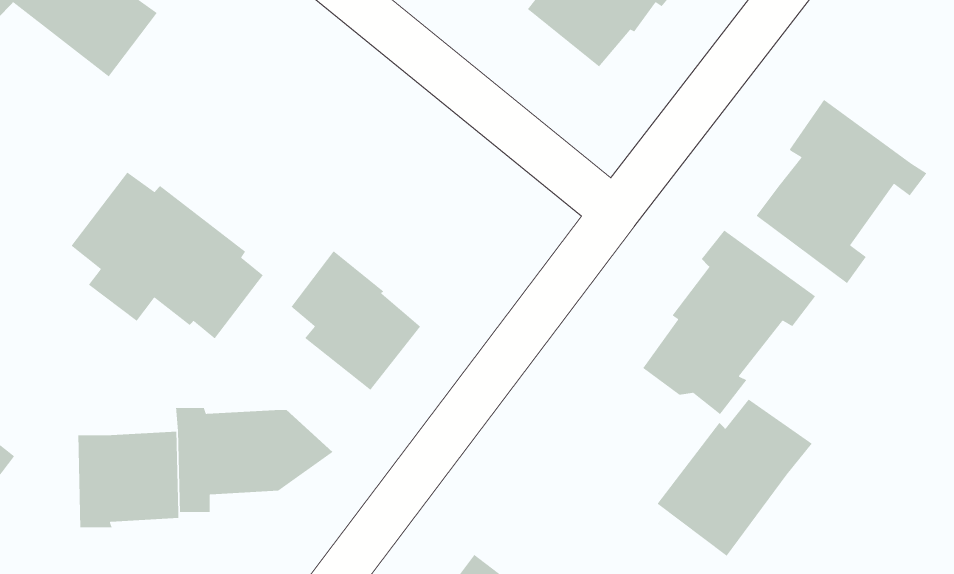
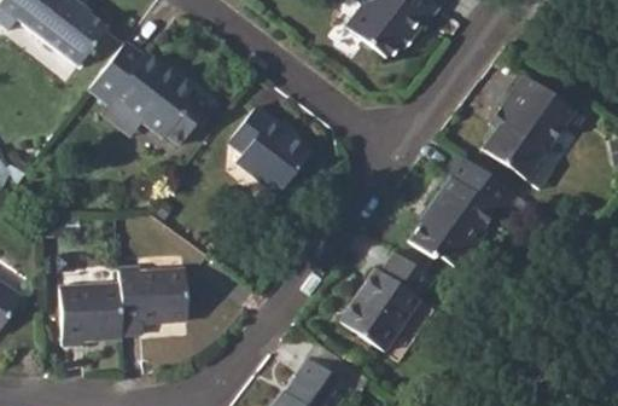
building: [70,172,264,339] -> [93,40,212,144]
building: [290,250,421,391] -> [231,109,311,196]
building: [657,399,813,557] -> [340,257,437,355]

